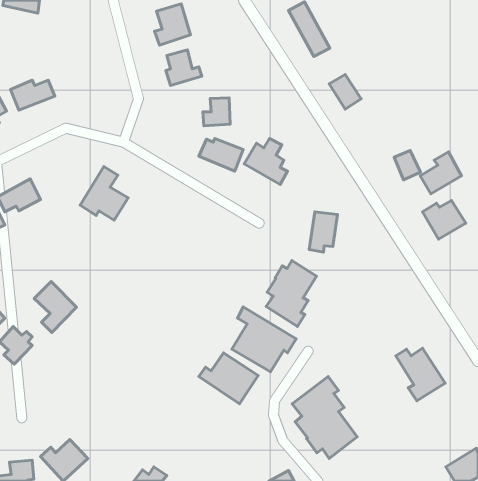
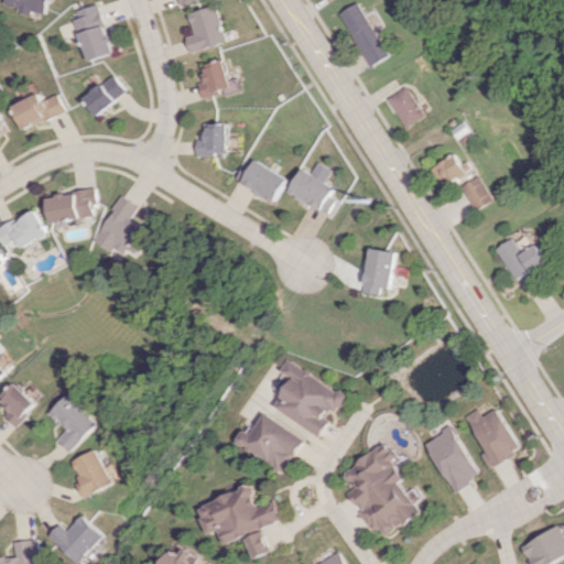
building: none -> [69,4,110,61]
building: none -> [80,74,123,115]
building: [203,98,230,126] -> [193,122,225,155]
building: none -> [429,153,465,188]
building: [420,152,462,194] -> none
building: none -> [46,188,98,223]
building: [266,260,317,326] -> none
building: [34,282,76,332] -> [50,392,99,452]
building: none -> [422,426,478,491]
building: none -> [69,449,119,496]
building: none -> [194,485,279,558]

